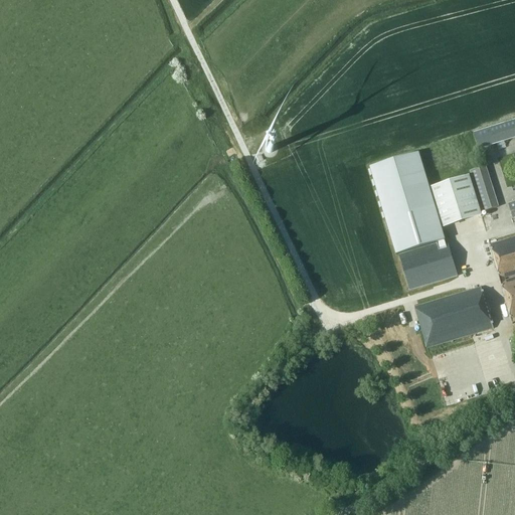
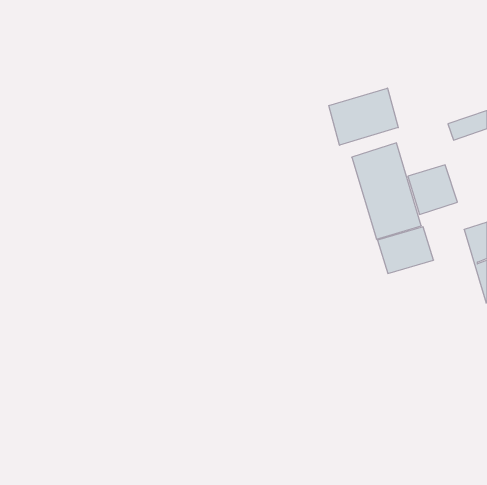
building: none -> [329,88,398,145]
building: [470,164,499,210] -> none
building: [414,285,493,347] -> none

